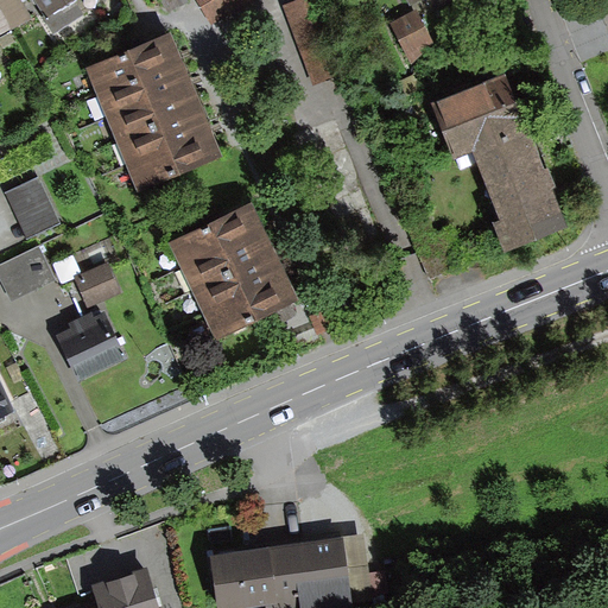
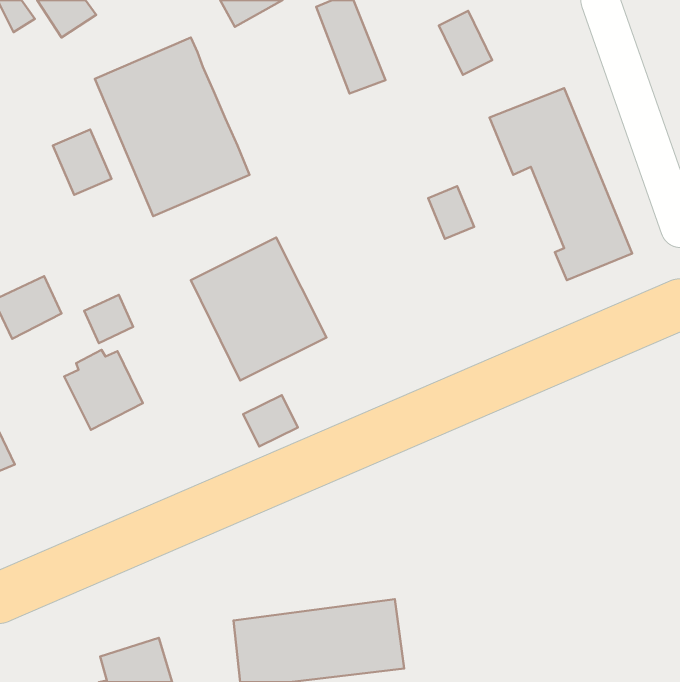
building: none -> [428,186,474,239]
building: [6,177,58,235] -> [53,129,111,195]
building: none -> [243,395,298,447]

